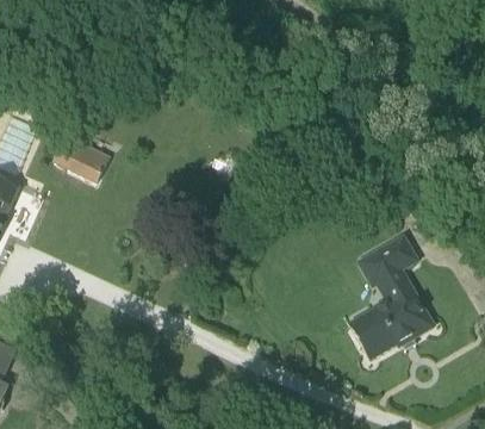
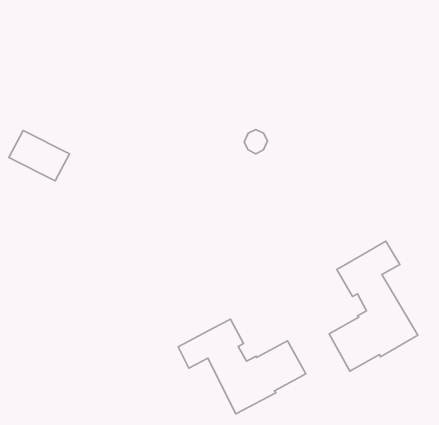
building: none -> [178,319,306,414]

